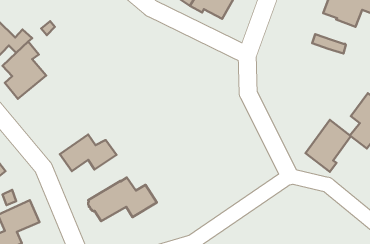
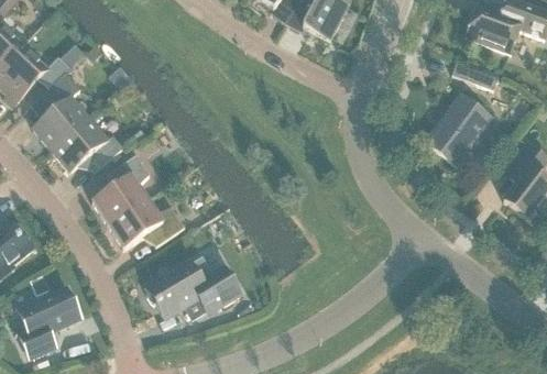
building: none -> [51,118,123,172]
building: none -> [92,153,150,224]
building: [306,120,351,172] -> [426,96,488,166]

